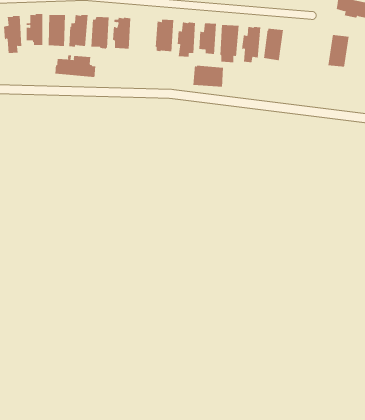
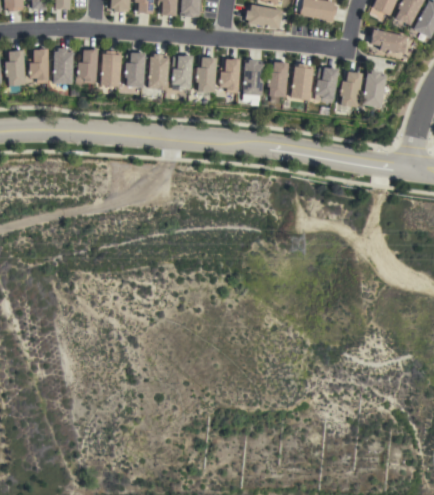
building: none -> [148,54,170,90]
building: none -> [315,66,339,103]
building: none -> [339,71,363,113]
building: [55,55,96,78] -> none
building: [193,65,224,87] -> none

